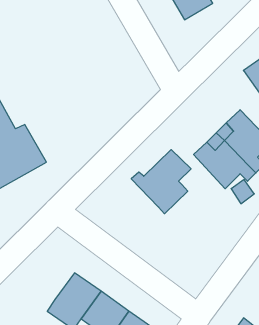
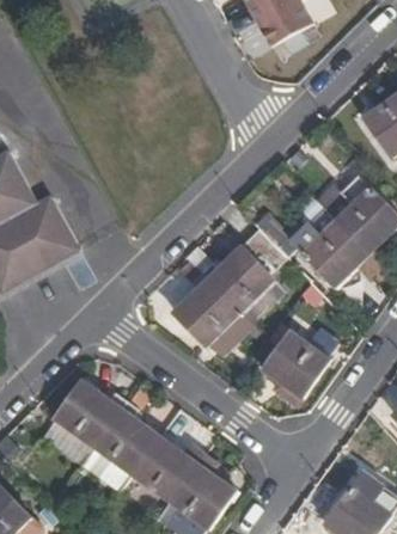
building: none -> [172,272,252,355]
building: none -> [262,331,330,404]
building: none -> [41,379,120,464]

